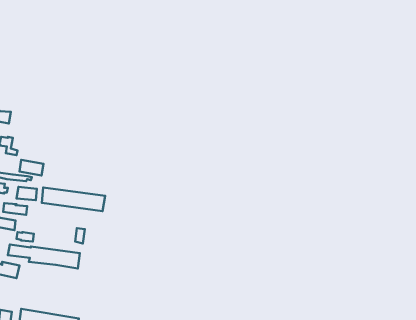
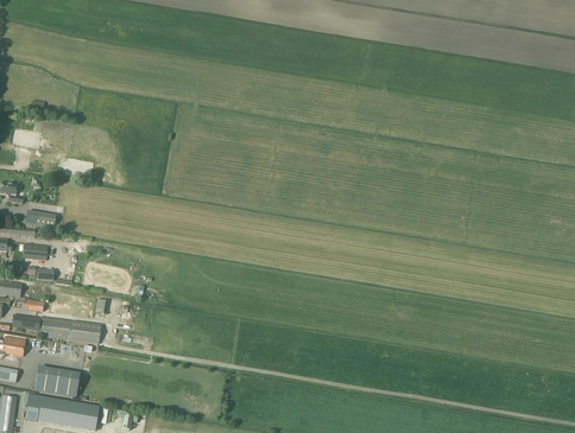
building: [42,187,105,211] -> none
building: none -> [34,368,80,395]

